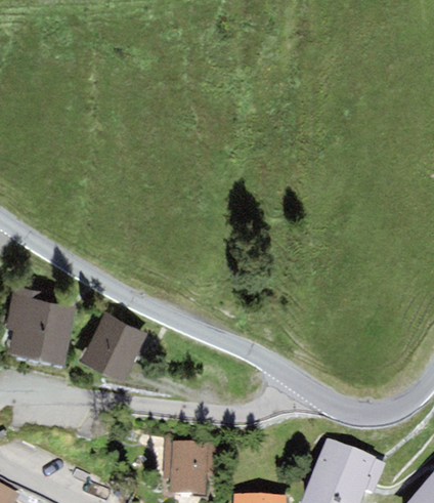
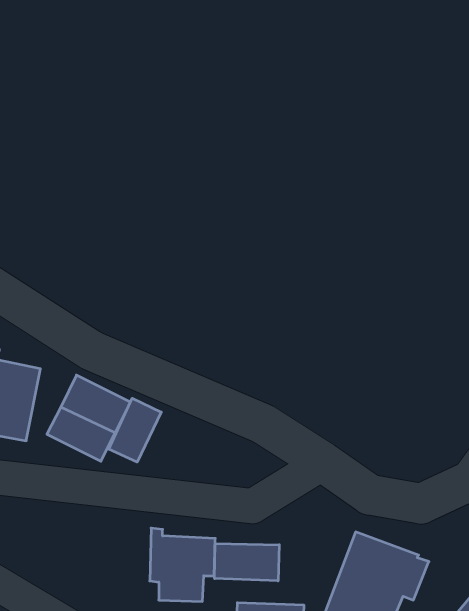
building: none -> [109,398,161,462]
building: none -> [215,543,279,581]

